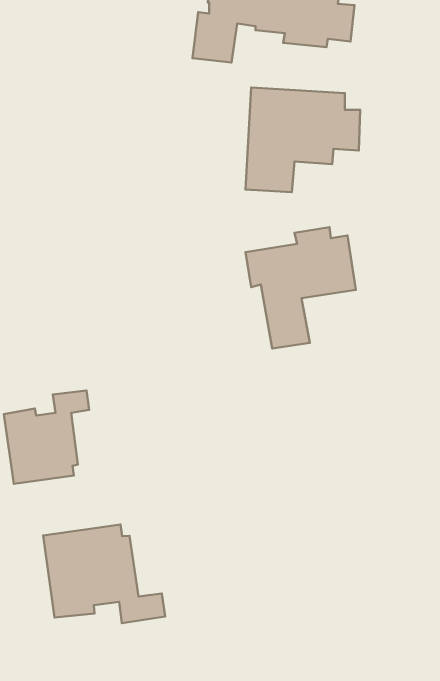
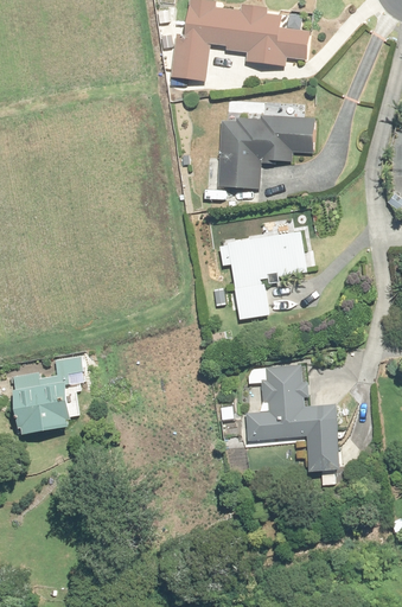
building: none -> [237,364,340,485]
building: [43,525,165,623] -> none

